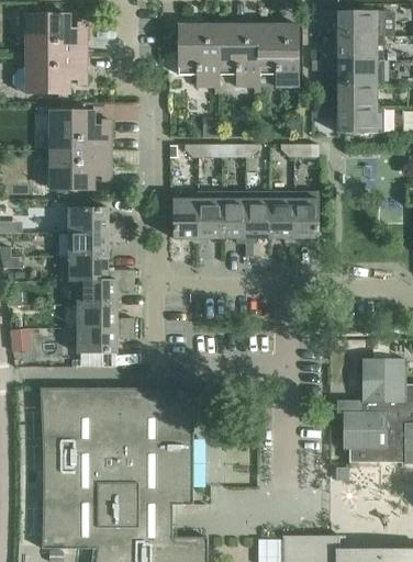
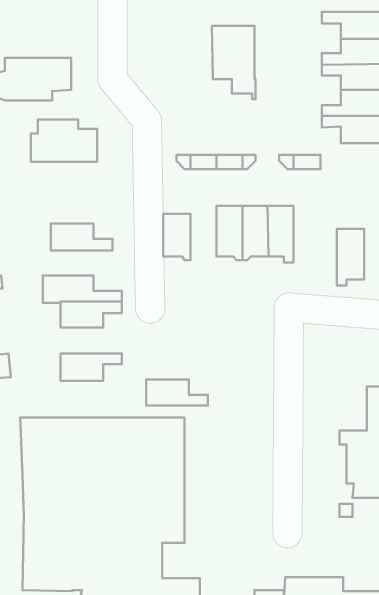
building: [25,14,87,54] -> none
building: [178,24,219,92] -> none
building: [257,24,298,92] -> none
building: [49,150,111,190] -> none
building: [198,191,222,241] -> none
building: [293,191,319,244] -> [337,229,364,286]
building: [68,233,125,256] -> none
building: [77,304,134,328] -> [146,380,208,406]

